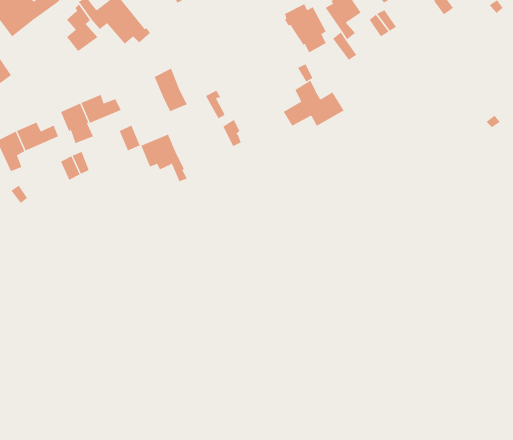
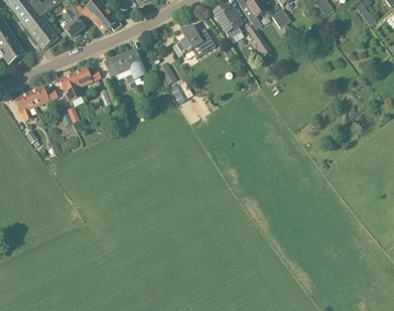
building: none -> [26,15,58,49]
building: [283,80,344,126] -> [173,24,216,56]
building: [141,134,187,182] -> [105,54,137,88]

